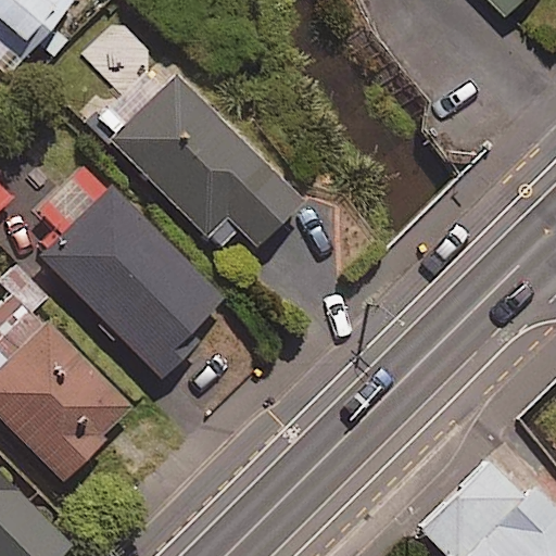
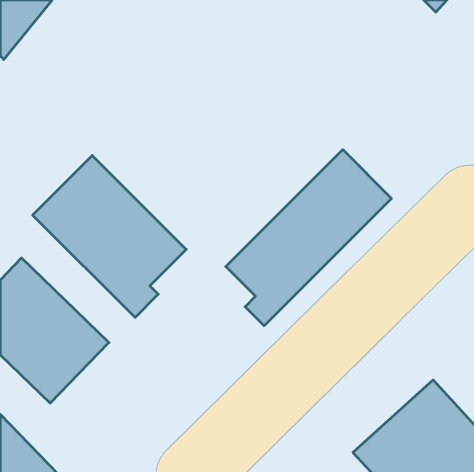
building: [106,71,300,245] -> none
building: none -> [226,150,391,326]

